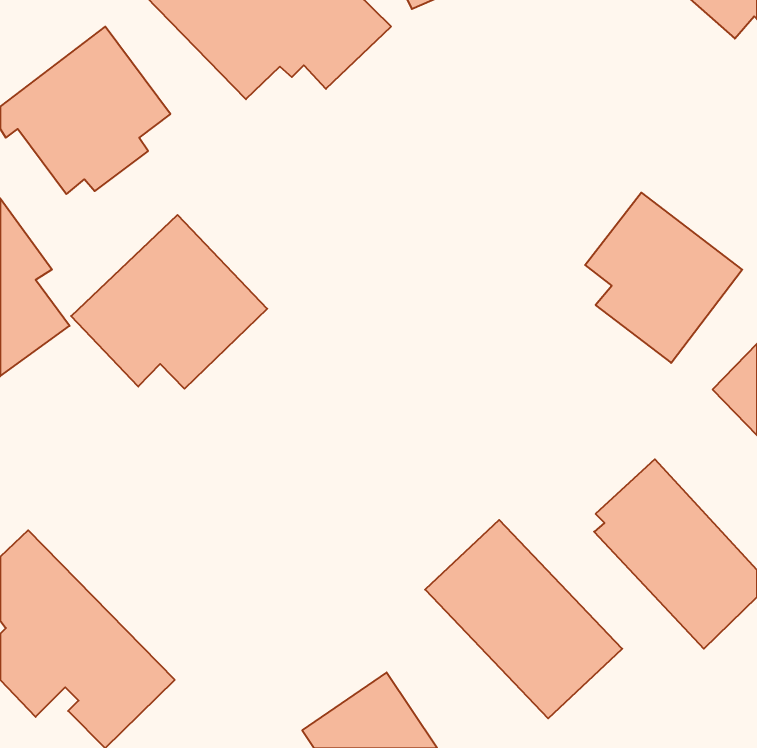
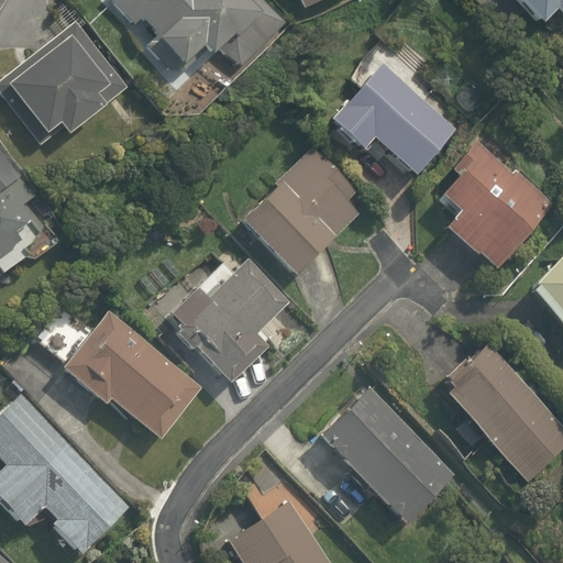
building: none -> [324,58,460,178]
building: none -> [241,147,368,278]
building: [71,215,267,389] -> none
building: none -> [166,257,278,386]
building: none -> [42,309,199,440]

